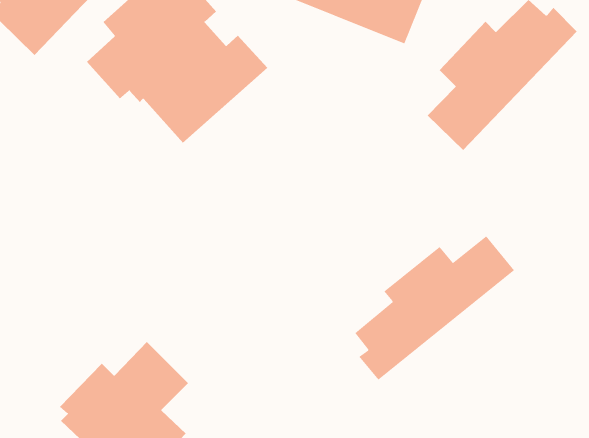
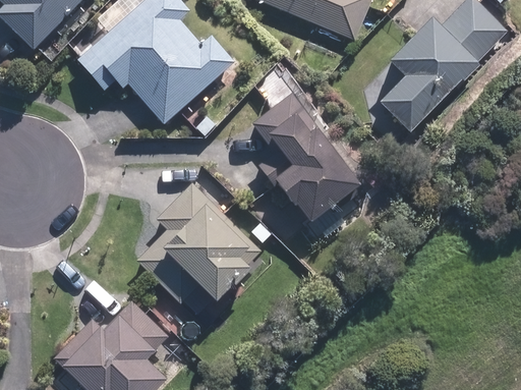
building: none -> [250,91,364,227]
building: none -> [134,182,259,307]
building: [354,235,515,380] -> none

